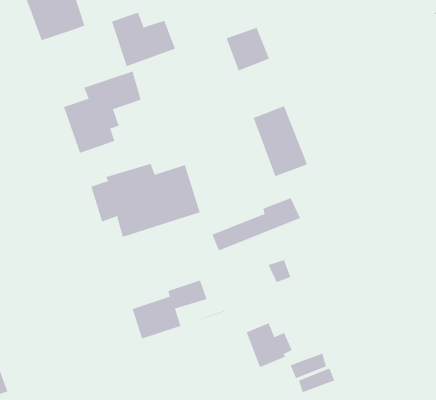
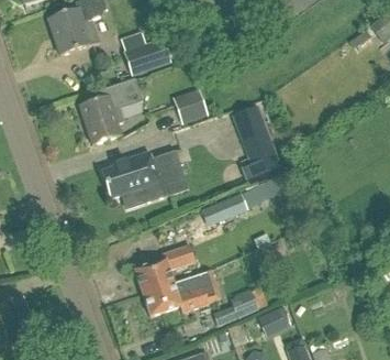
building: [226,27,270,71] -> [171,88,207,123]
building: none -> [143,271,219,316]

